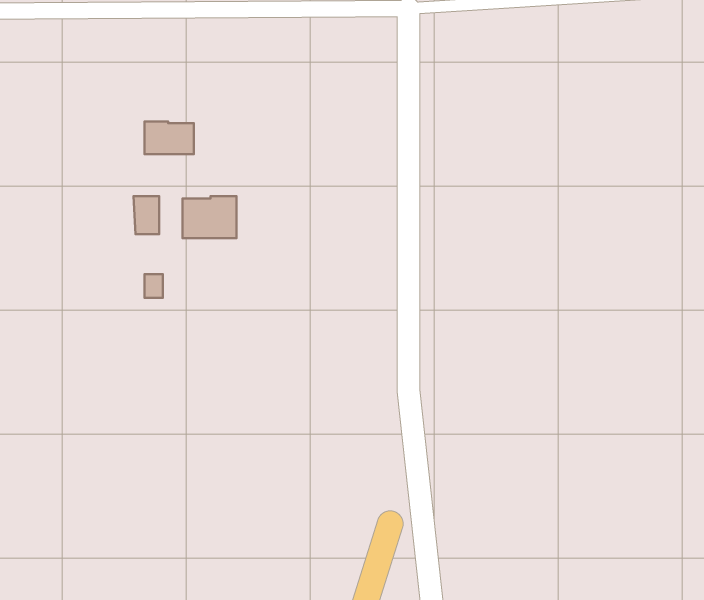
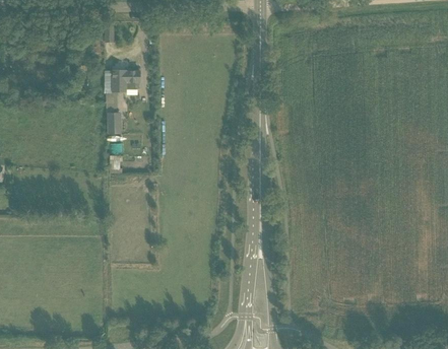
building: [183,196,236,238] -> none

